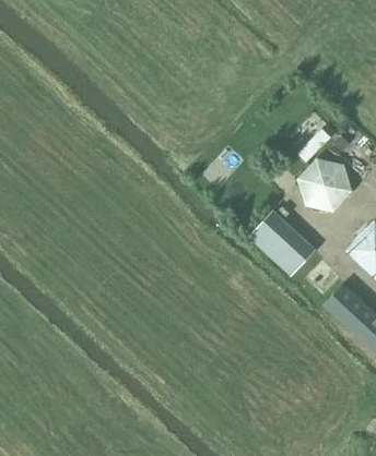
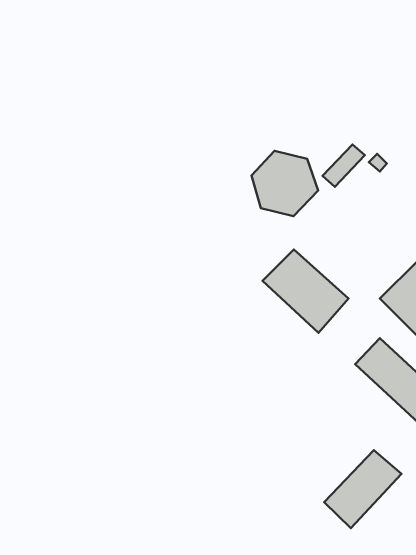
building: [297,158,351,211] -> [251,151,318,216]
building: none -> [324,450,401,528]

